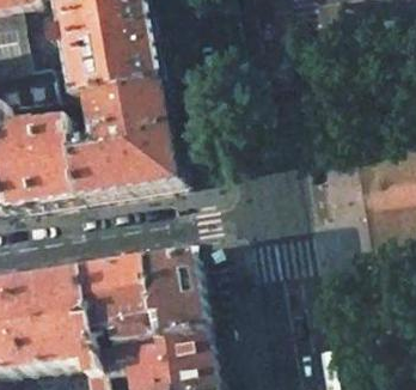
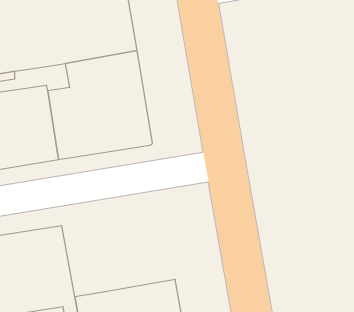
building: [78,251,202,347] -> none

